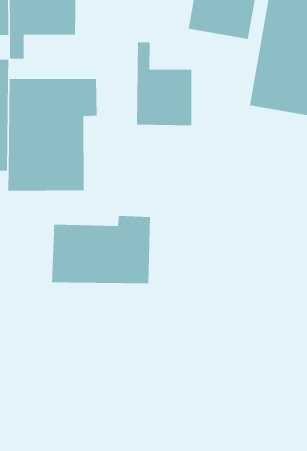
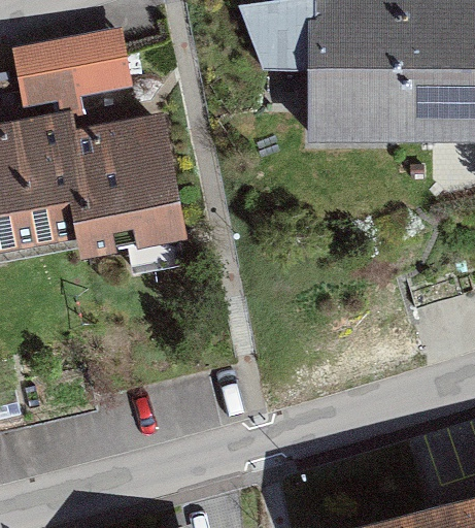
building: [136,41,192,126] -> none
building: [52,215,150,284] -> none

